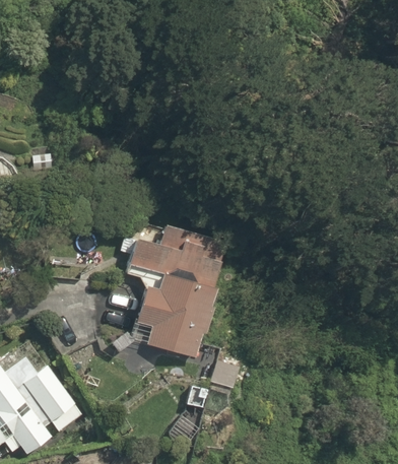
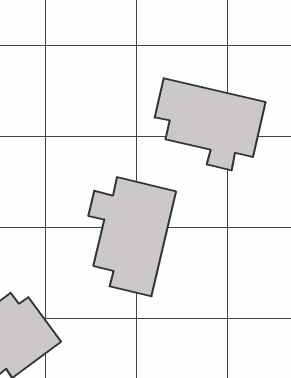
building: none -> [155,78,265,170]

